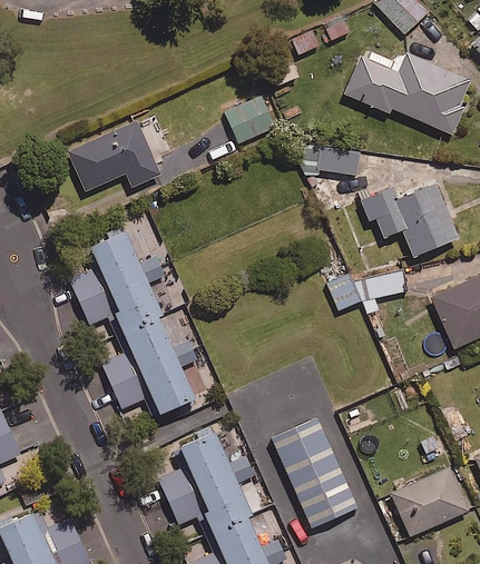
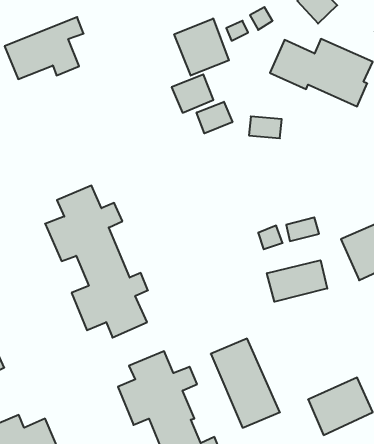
building: none -> [174,18,229,76]
building: [67,115,164,190] -> [5,17,84,79]
building: none -> [197,102,232,133]
building: [361,185,457,256] -> none
building: none -> [267,260,327,302]

